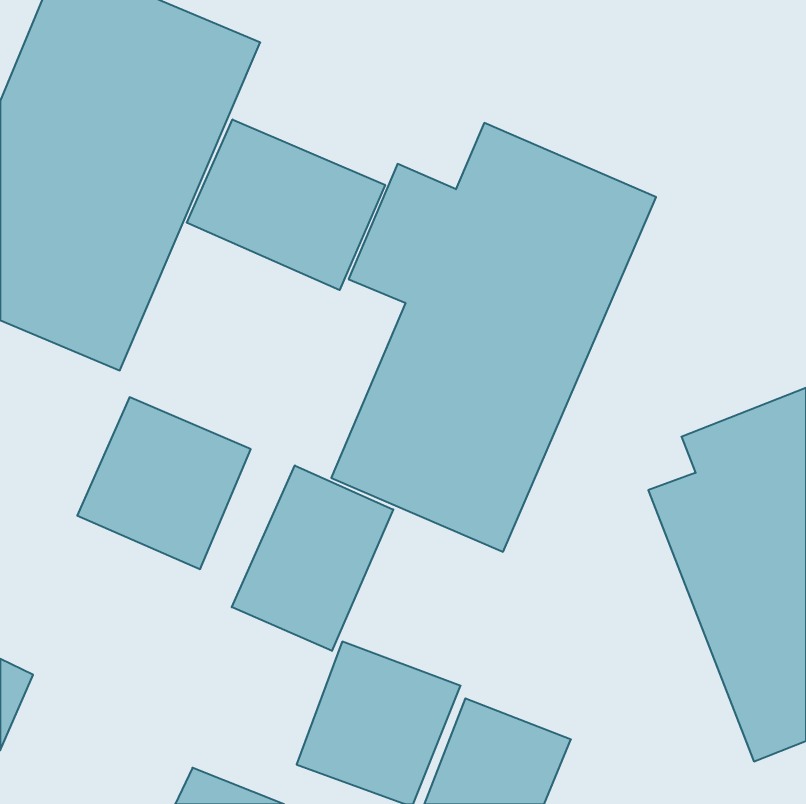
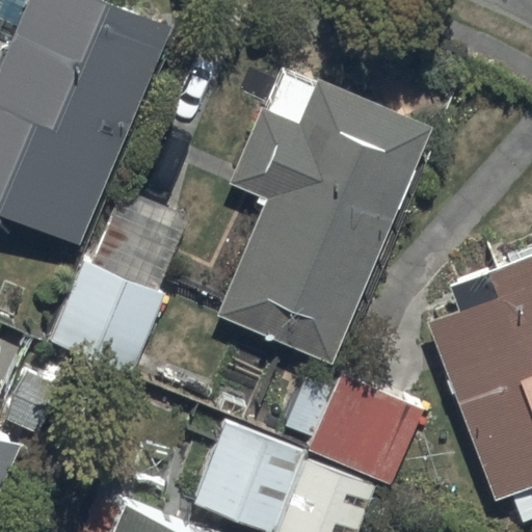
building: [187,119,385,290] -> none
building: [232,465,393,651] -> none
building: none -> [311,375,424,484]

